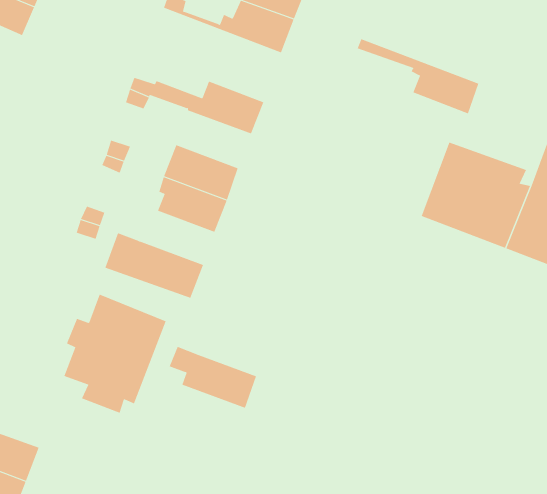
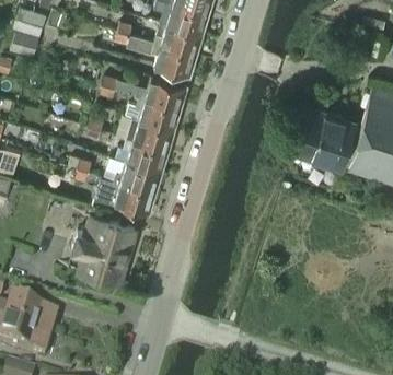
building: [357,38,479,114] -> [116,31,195,73]
building: none -> [124,94,180,128]
building: [169,346,257,408] -> [105,154,161,190]

